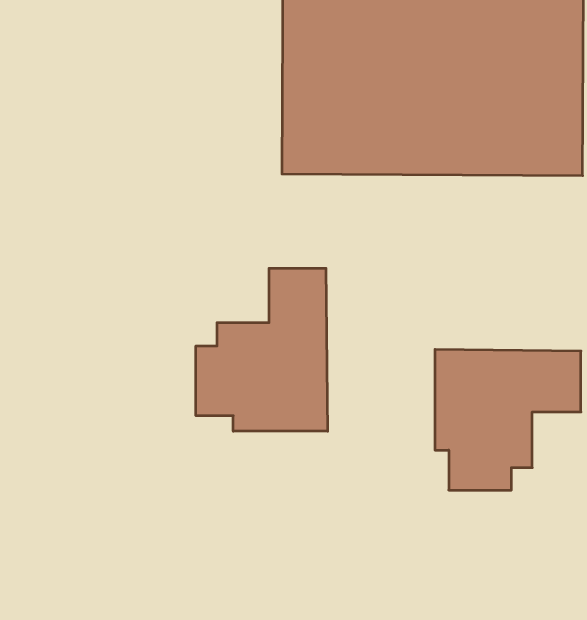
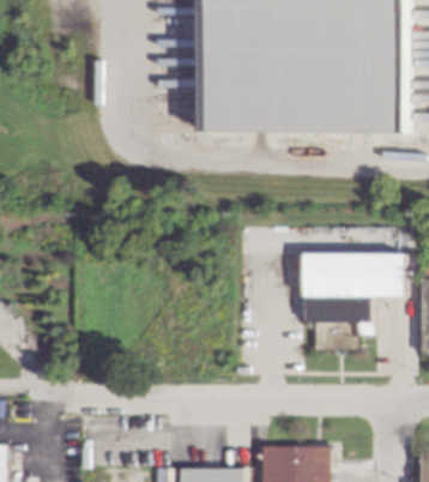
building: [196,268,328,431] -> none

